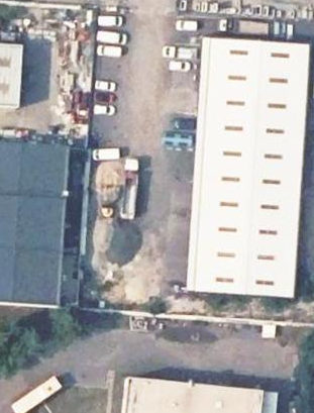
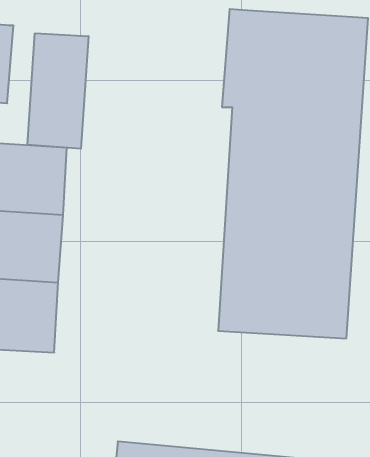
building: none -> [28,33,88,149]

